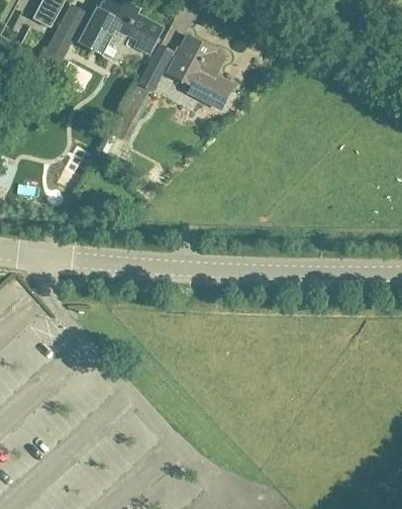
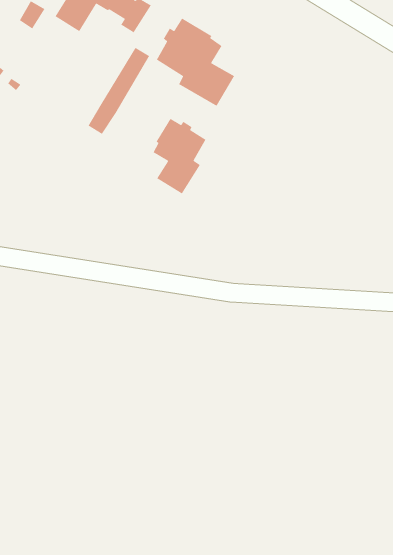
building: none -> [152,118,206,195]

